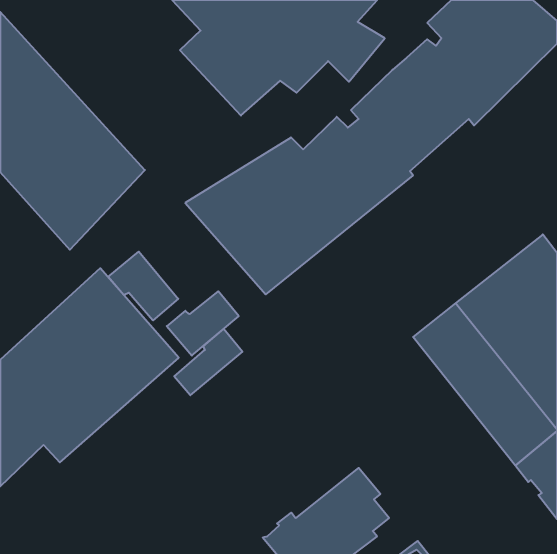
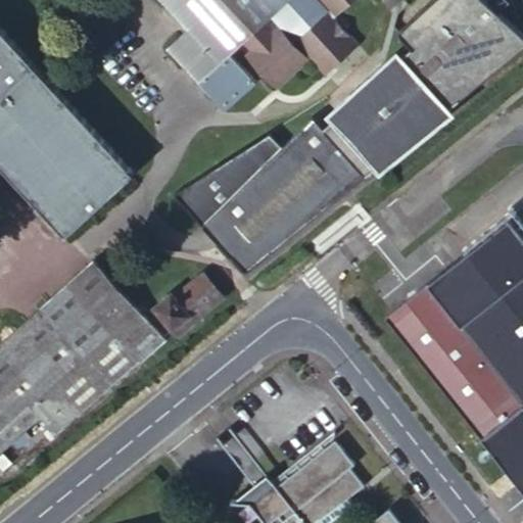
building: [108,252,178,320] -> none
building: [174,329,242,395] -> none

